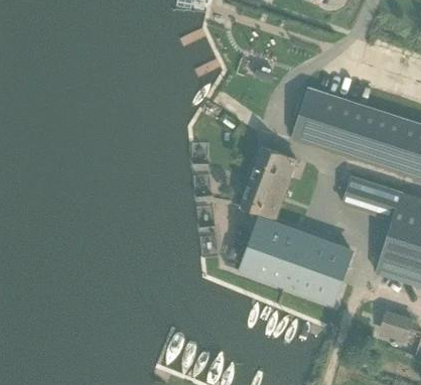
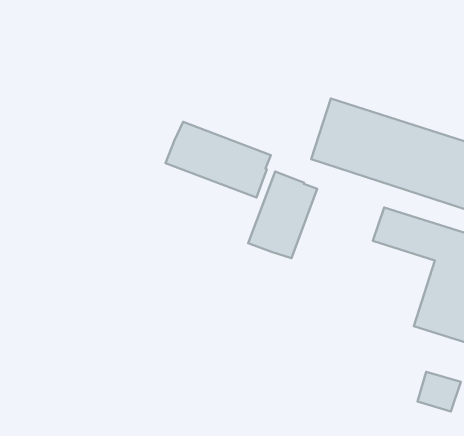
building: none -> [166,122,271,198]
building: [241,221,347,298] -> none

